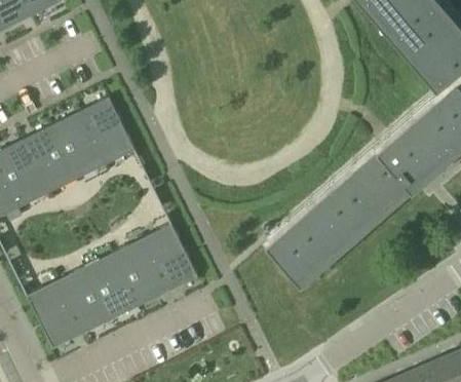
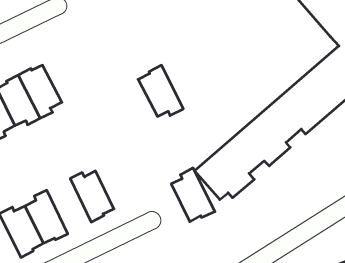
building: [79,98,135,160] -> [138,65,183,116]
building: [144,225,197,291] -> [171,168,215,222]
building: [84,254,139,321] -> none

